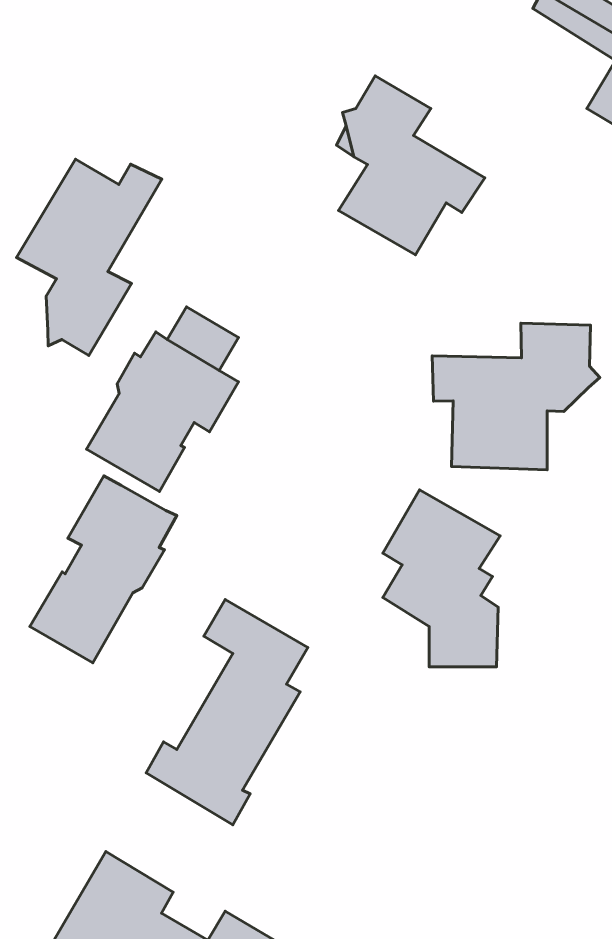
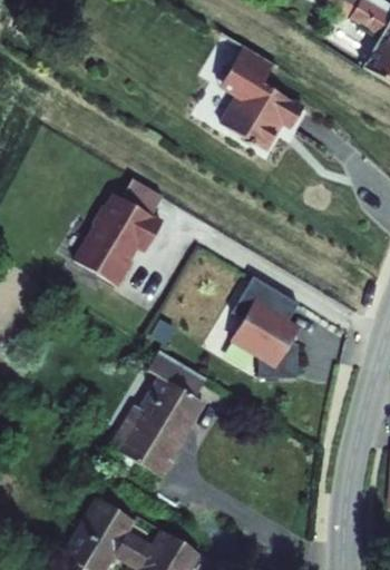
building: [16,159,162,355] -> none
building: [432,323,600,470] -> none
building: [30,476,177,663] -> none

